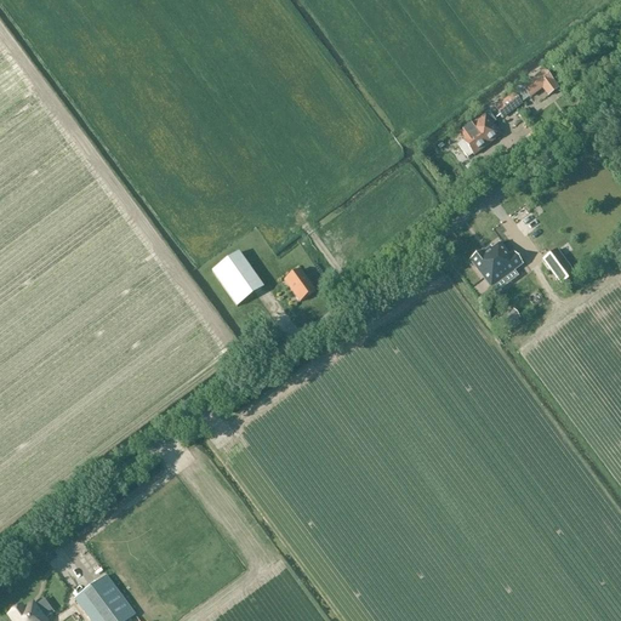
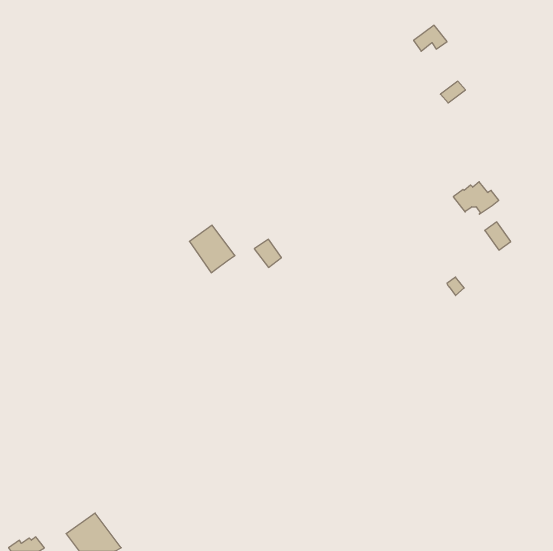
building: [522,68,559,97] -> [414,25,447,51]
building: [458,112,496,155] -> none
building: [471,243,522,279] -> [453,182,499,214]

